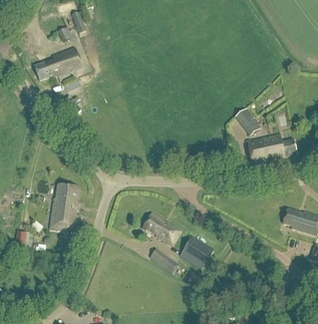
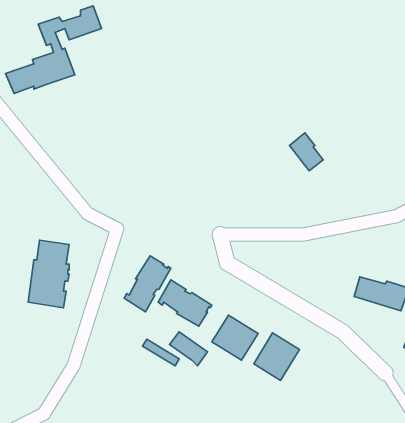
building: [247,133,297,167] -> none
building: none -> [124,256,171,312]
building: none -> [254,333,299,381]

